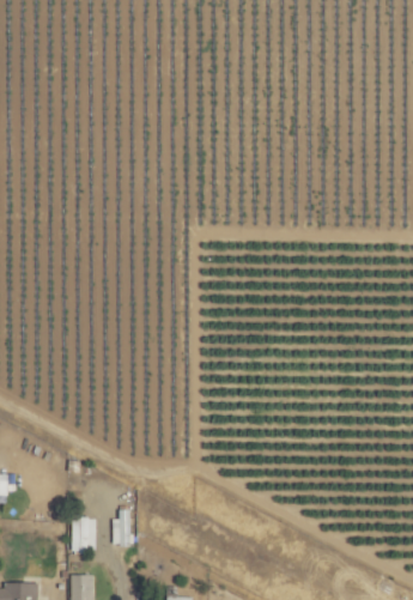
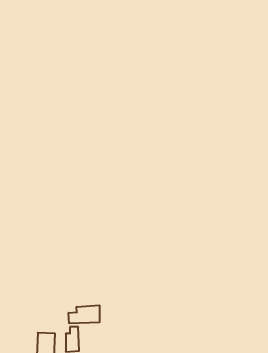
building: none -> [69,305,99,323]

